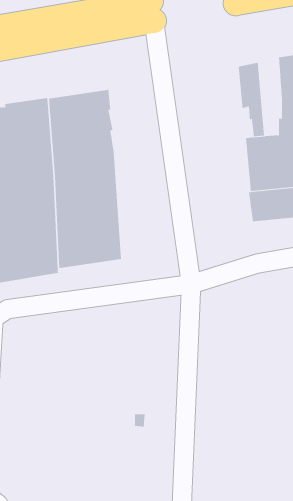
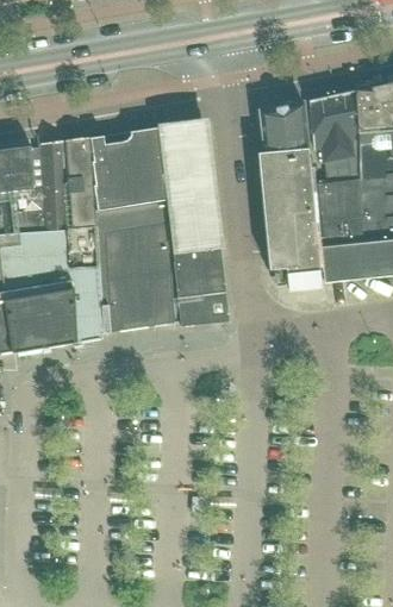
building: none -> [332,89,358,180]
building: none -> [258,101,320,287]
building: none -> [162,120,229,325]

